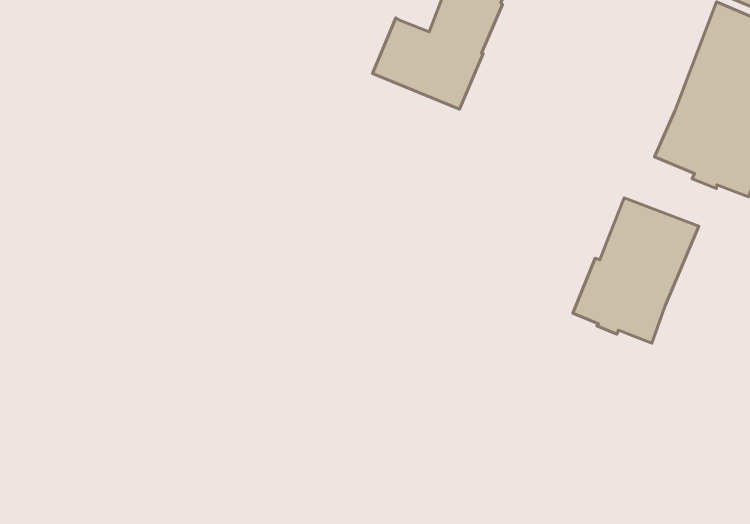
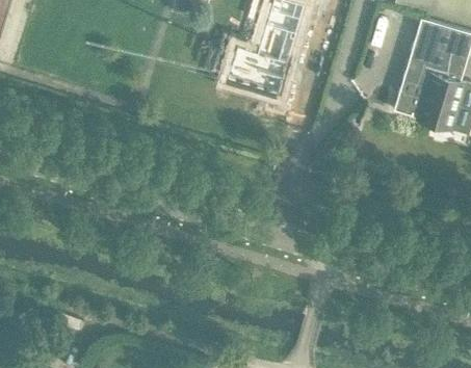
building: [573,198,699,343] -> none

